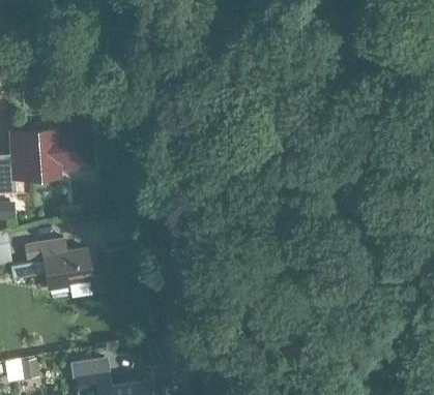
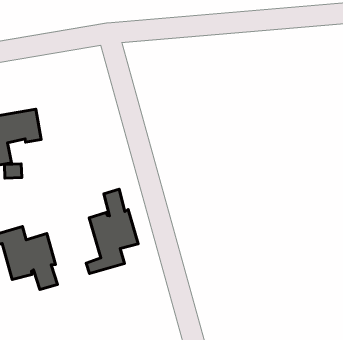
building: none -> [86,189,138,273]

